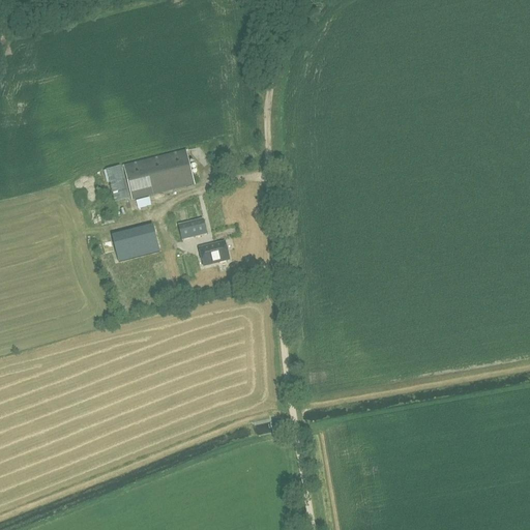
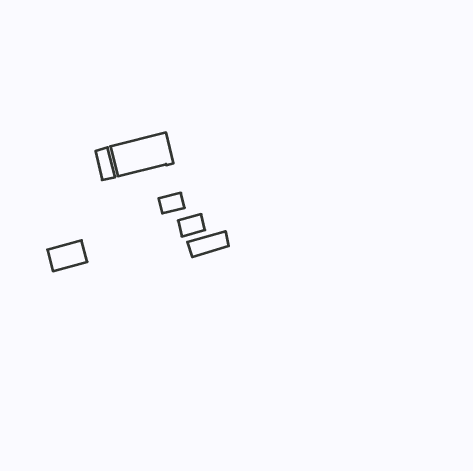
building: [114,226,158,260] -> [47,240,87,271]
building: none -> [187,231,229,257]

